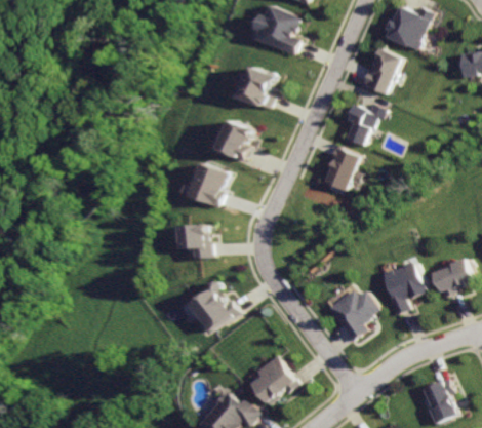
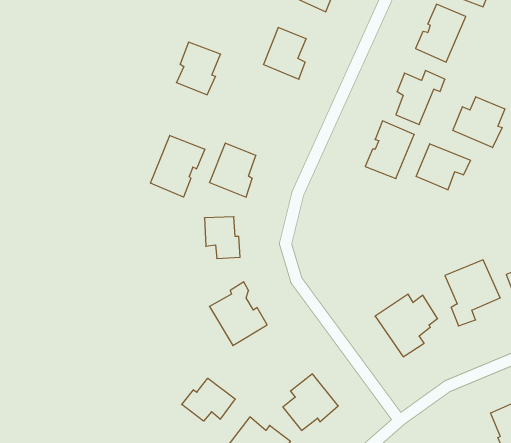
building: [213,118,250,162] -> [176,42,221,95]
building: none -> [453,97,505,148]
building: none -> [151,135,205,197]
building: none -> [416,144,470,190]
building: none -> [182,378,235,421]

